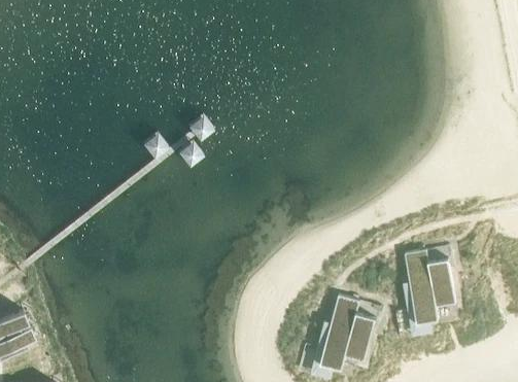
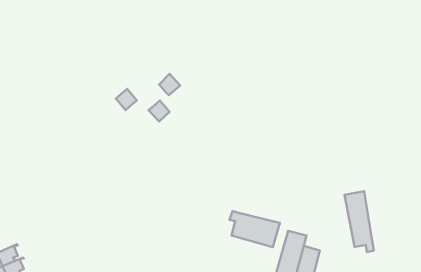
building: [428,259,455,308] -> none
building: none -> [230,211,280,247]

